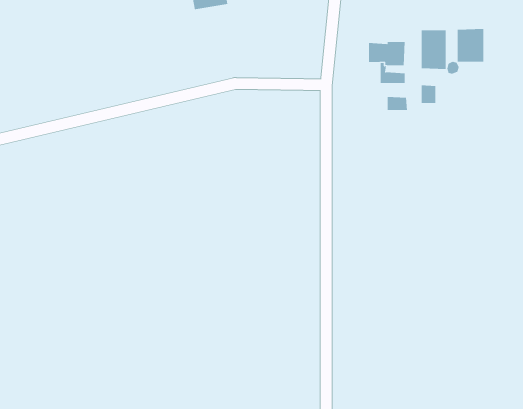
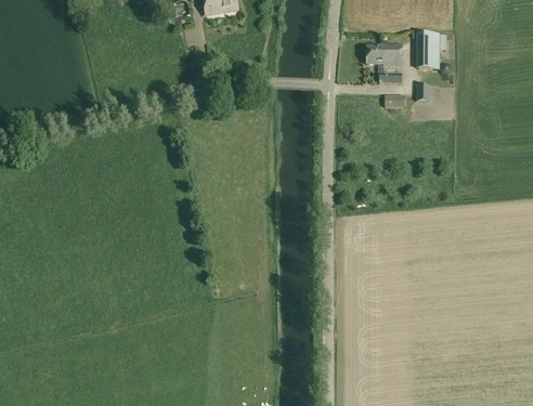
building: [457,28,484,62] -> none

